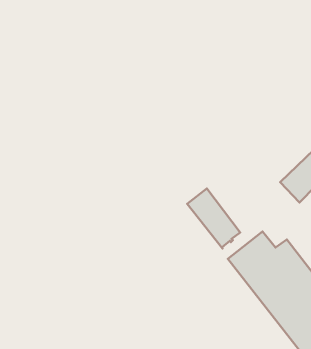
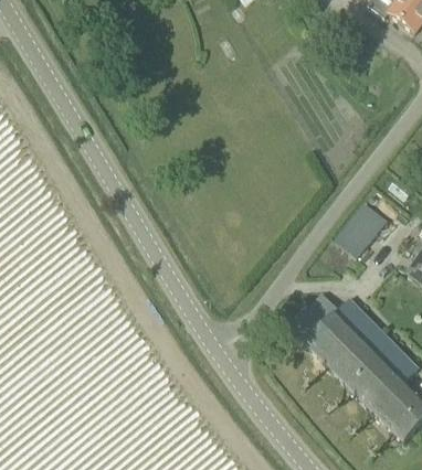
building: [187,188,240,248] -> none

